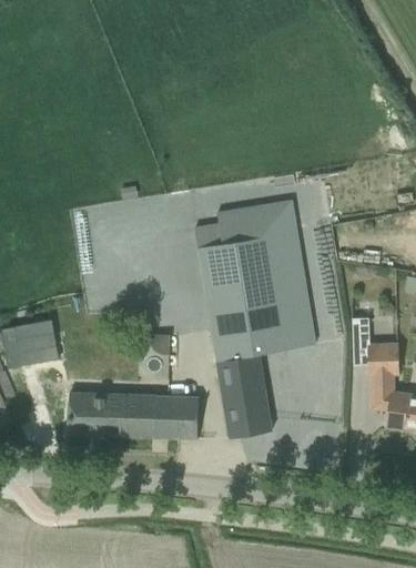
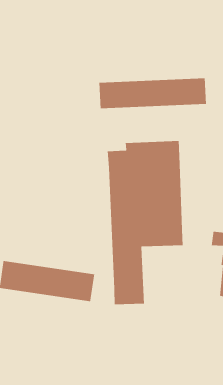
building: none -> [99,77,207,109]

